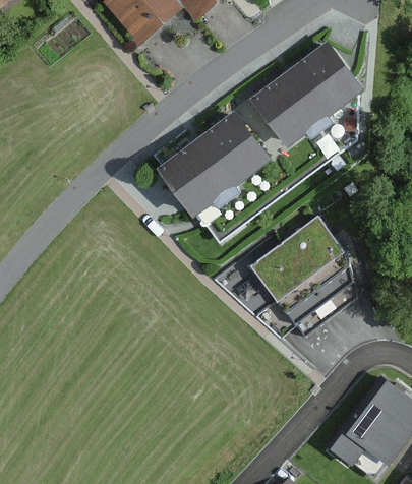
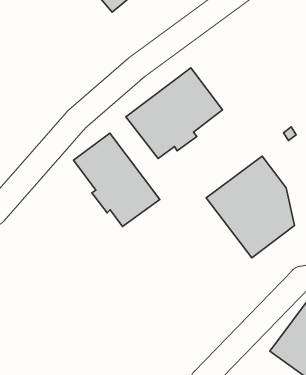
building: [248,40,363,147] -> none
building: none -> [73,133,160,226]

